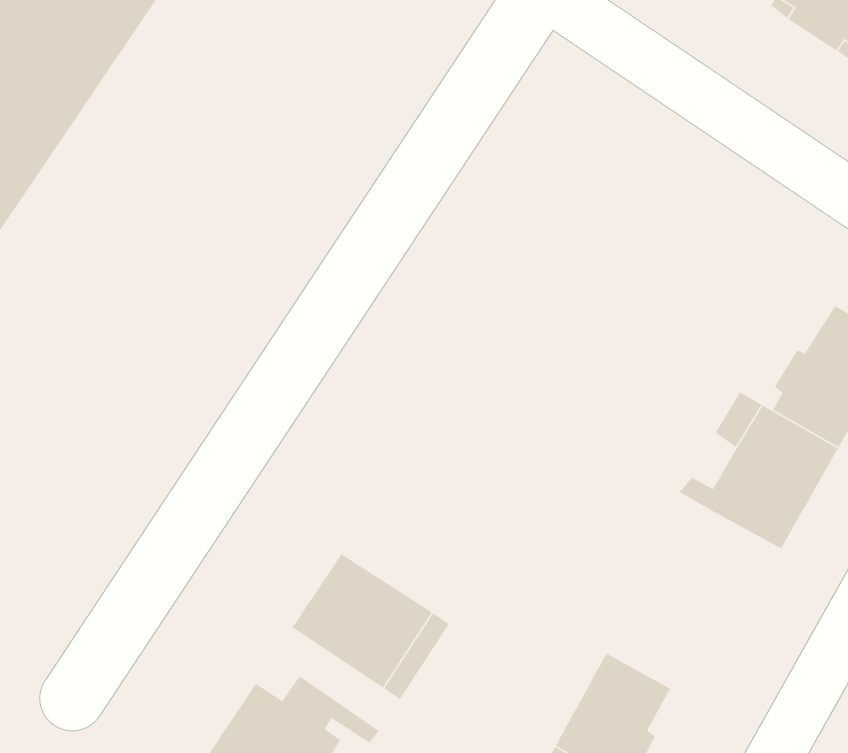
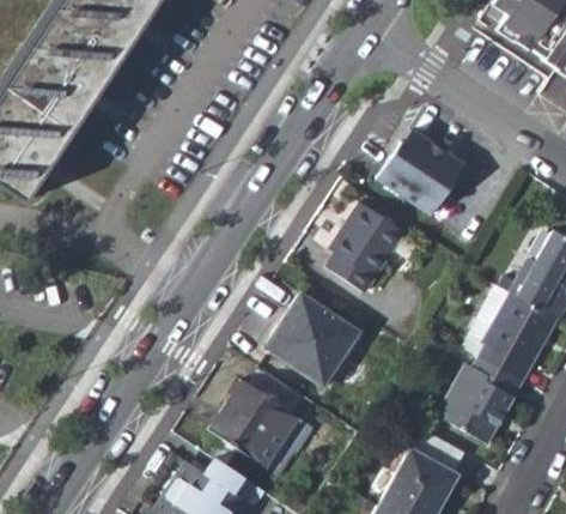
building: none -> [376,129,463,214]
building: none -> [329,202,407,291]
building: none -> [267,292,361,388]
building: none -> [437,357,523,443]

